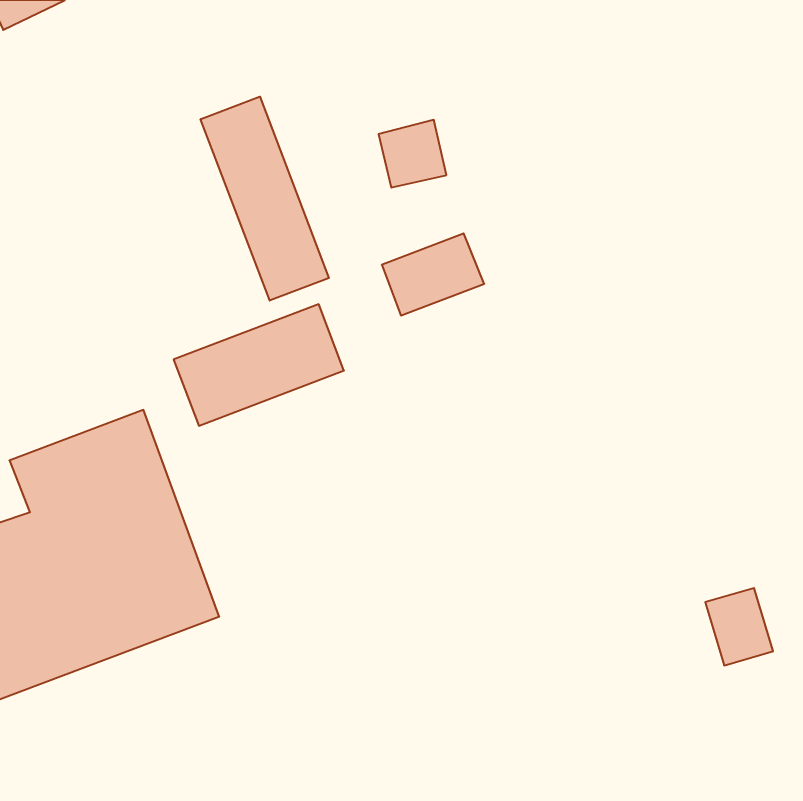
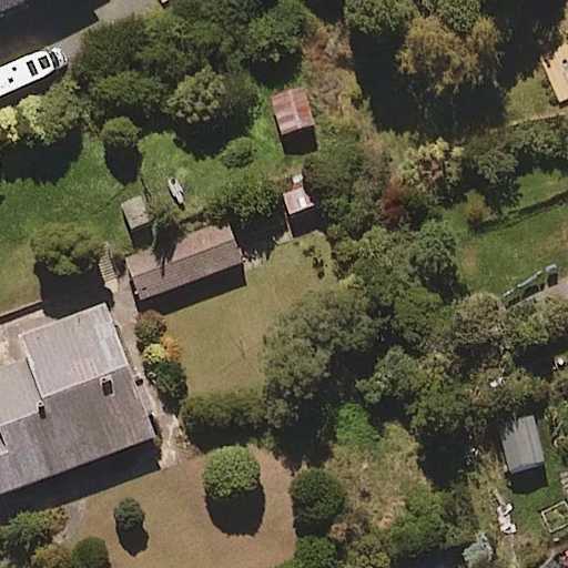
building: [201,97,329,301] -> none

